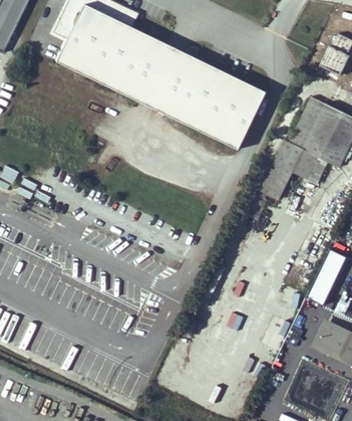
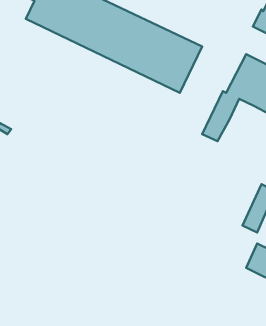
building: [292,151,320,182] -> none

